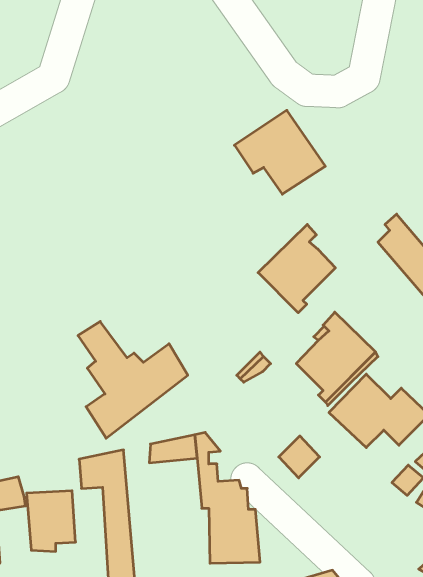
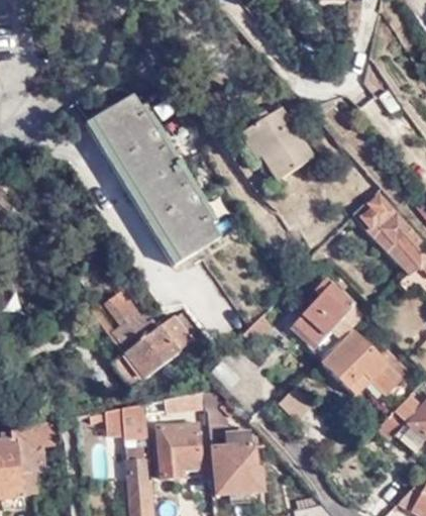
building: none -> [86,95,217,262]
building: [258,224,335,313] -> none
building: [27,491,76,551] -> [158,428,201,481]

